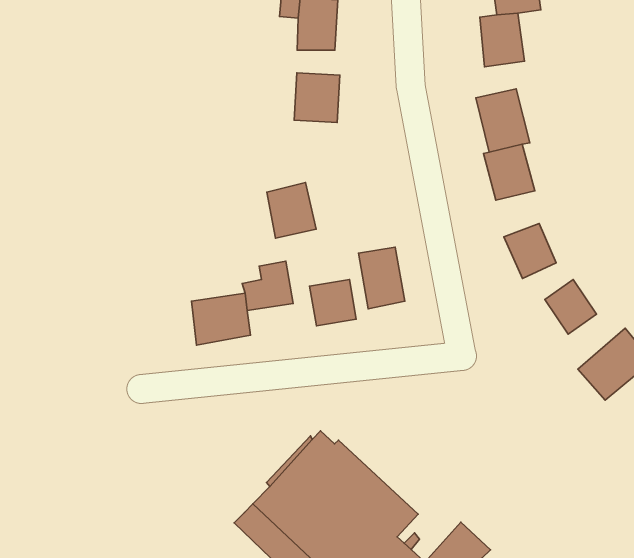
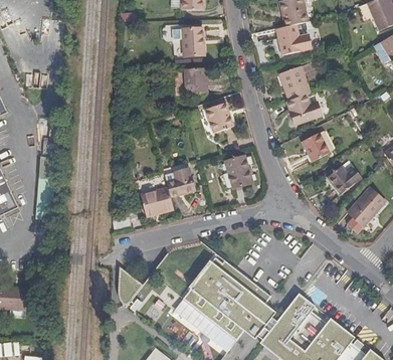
building: [267,183,316,238] -> [206,100,234,131]
building: [310,280,356,326] -> none
building: none -> [118,265,143,307]

